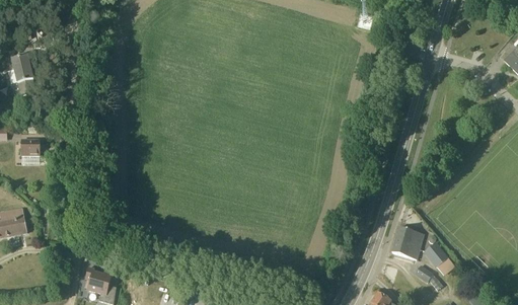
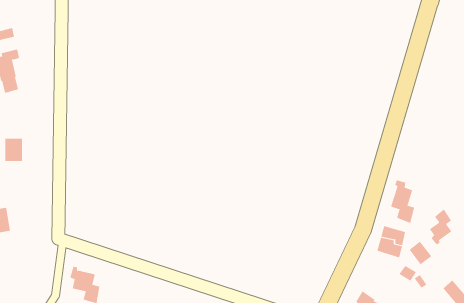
building: none -> [389,179,415,224]
building: none -> [429,209,453,245]

